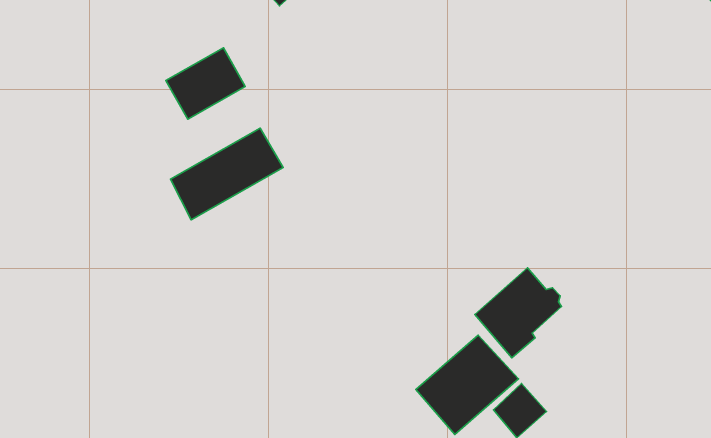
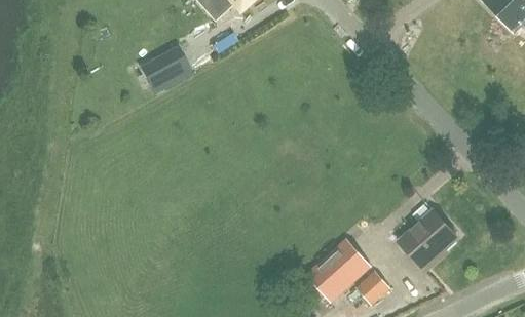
building: [170,128,283,220] -> none
building: [475,268,562,358] -> [399,209,456,269]

